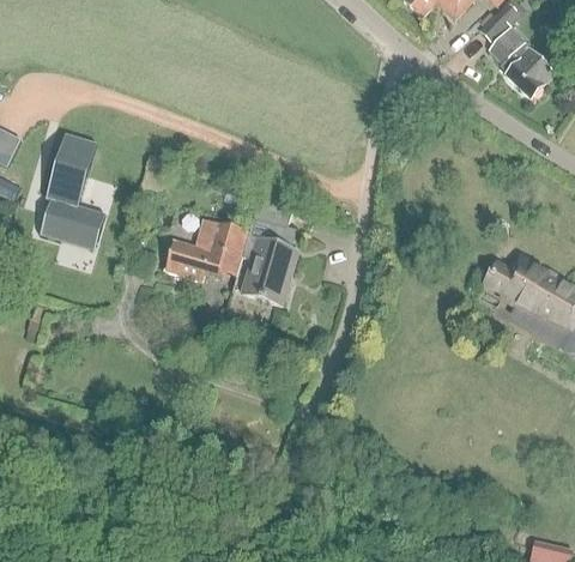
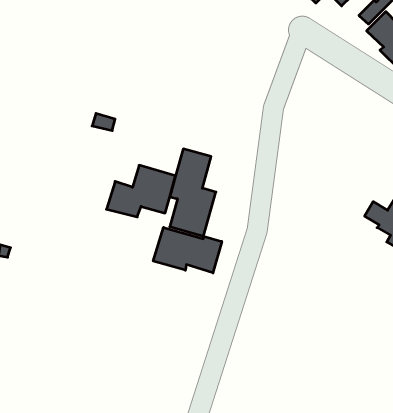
building: [40,132,104,240] -> none
building: none -> [153,227,222,273]

